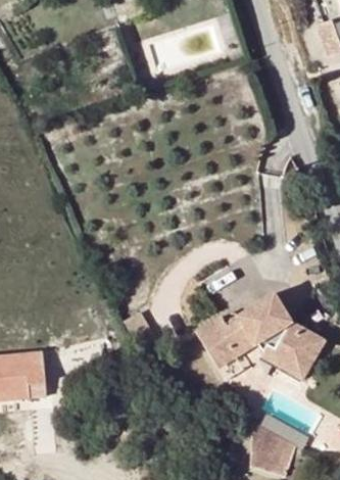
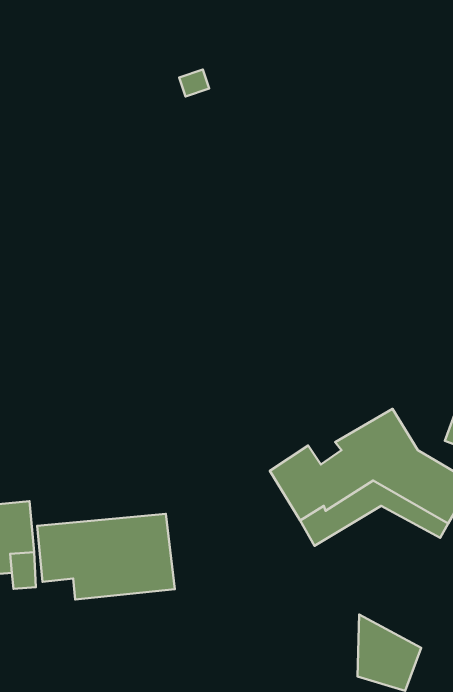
building: none -> [37,514,175,599]

